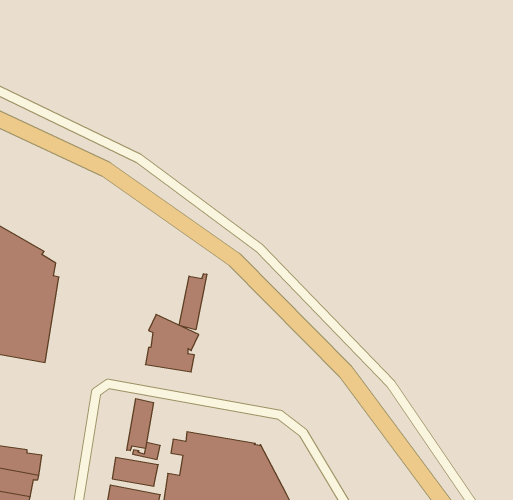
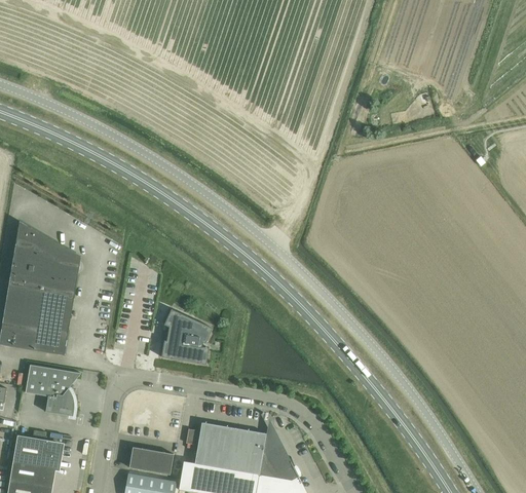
building: [179,274,207,330] -> none
building: none -> [26,365,81,418]
building: [127,399,153,451] -> none

